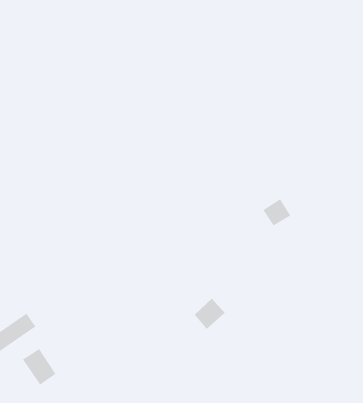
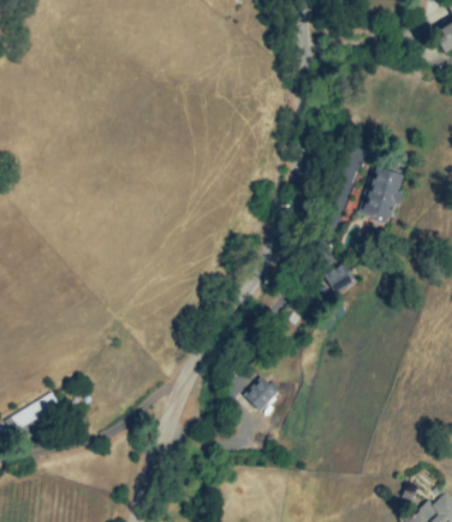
building: none -> [363,166,398,216]
building: [22,348,56,386] -> none

